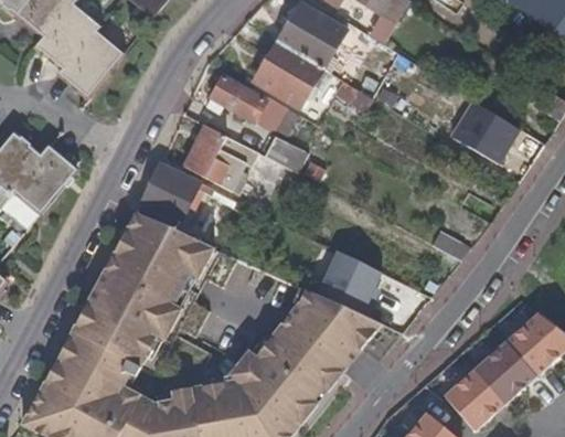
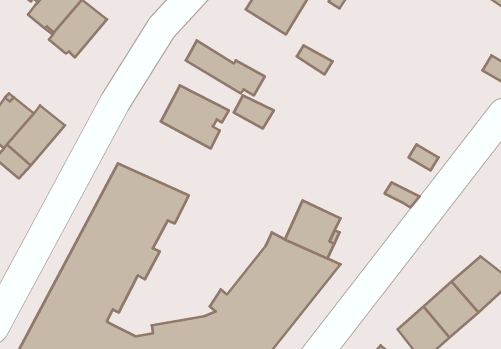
building: [253,41,321,108] -> none
building: [446,95,516,161] -> none
building: [140,163,199,222] -> none

